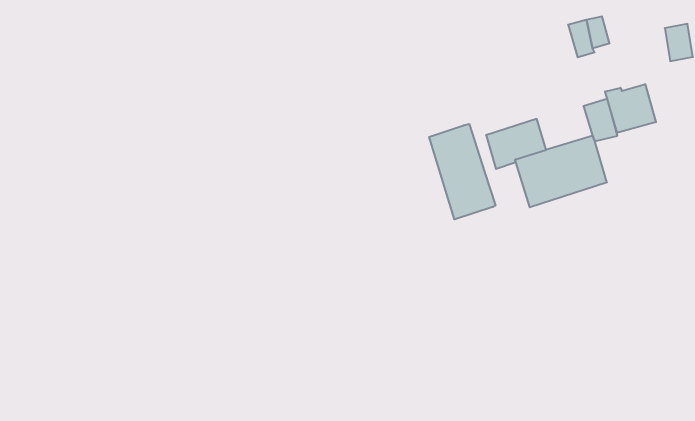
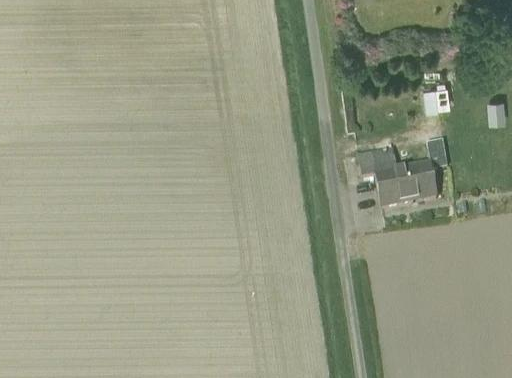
building: [605,84,656,133] -> none
building: [429,124,495,219] -> none

